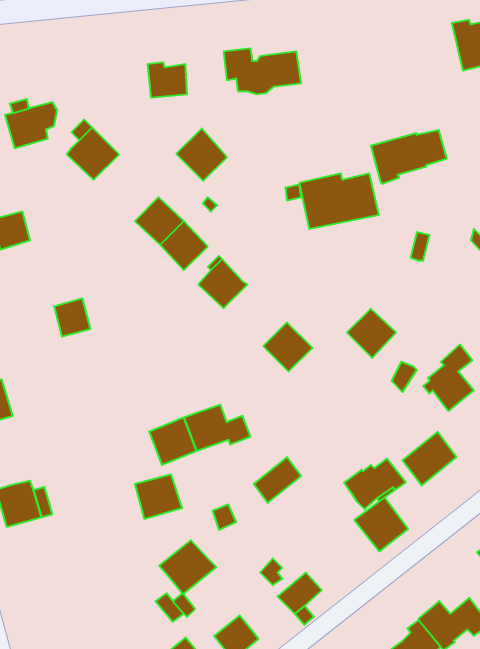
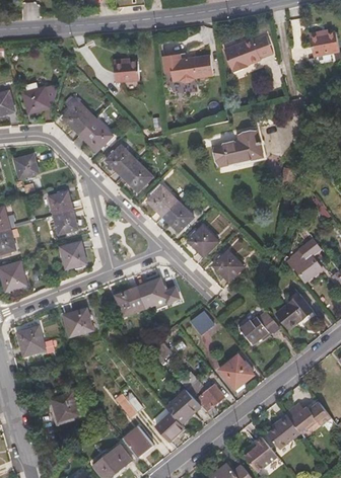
building: [176,128,227,181] -> [79,117,112,151]
building: [371,130,447,184] -> [223,37,272,72]
building: none -> [49,190,72,215]
building: none -> [162,201,193,232]
building: [347,309,396,358] -> [212,250,244,282]
building: none -> [60,241,86,268]
building: [135,475,182,519] -> [63,308,93,336]
building: [354,498,408,551] -> [219,353,254,388]
building: [159,540,216,594] -> [166,389,203,423]
building: none -> [51,392,79,420]

